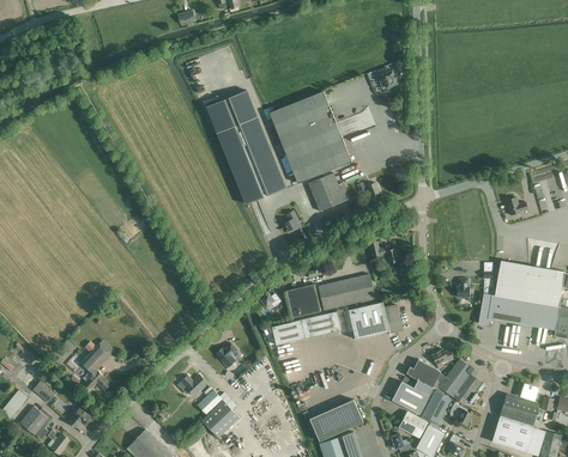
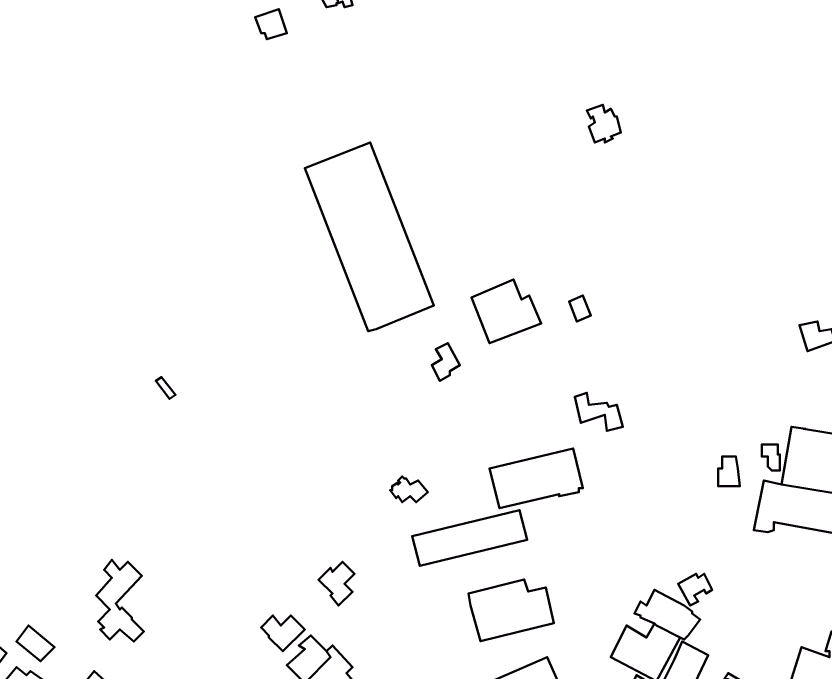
building: [270,91,351,183] -> none
building: [288,285,324,319] -> none
building: [349,301,400,339] -> [468,580,554,641]
building: [439,358,482,403] -> none

